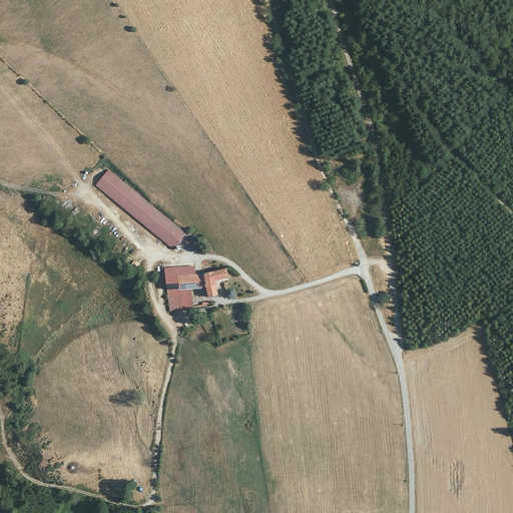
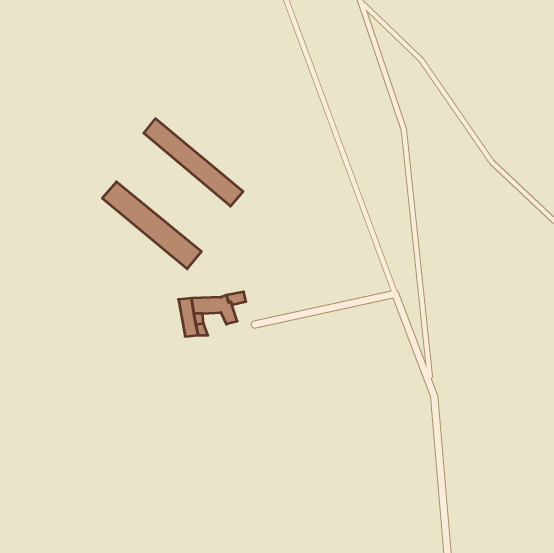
building: none -> [144,119,243,206]

